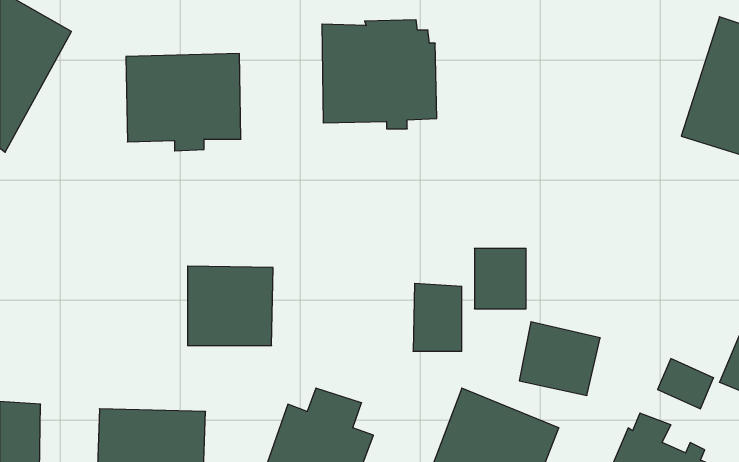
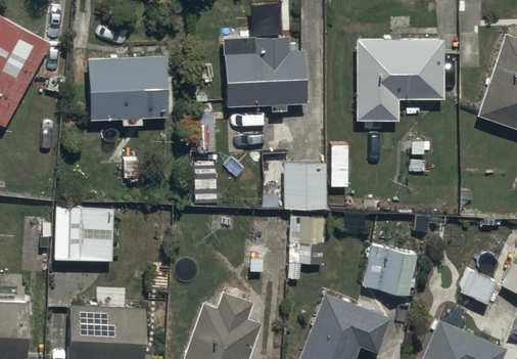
building: none -> [355,39,443,121]
building: [474,248,526,309] -> [288,166,324,208]
building: [188,266,273,346] -> [57,206,116,261]

